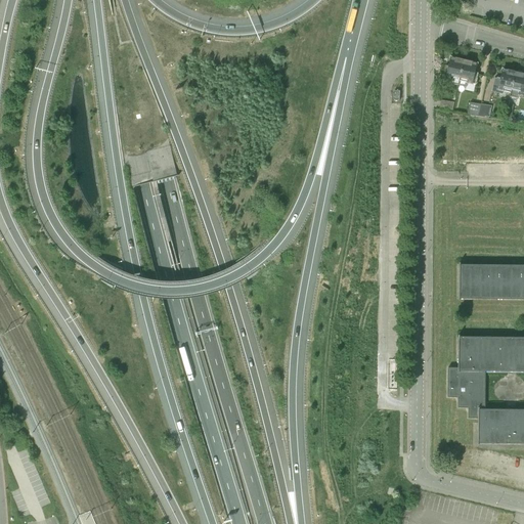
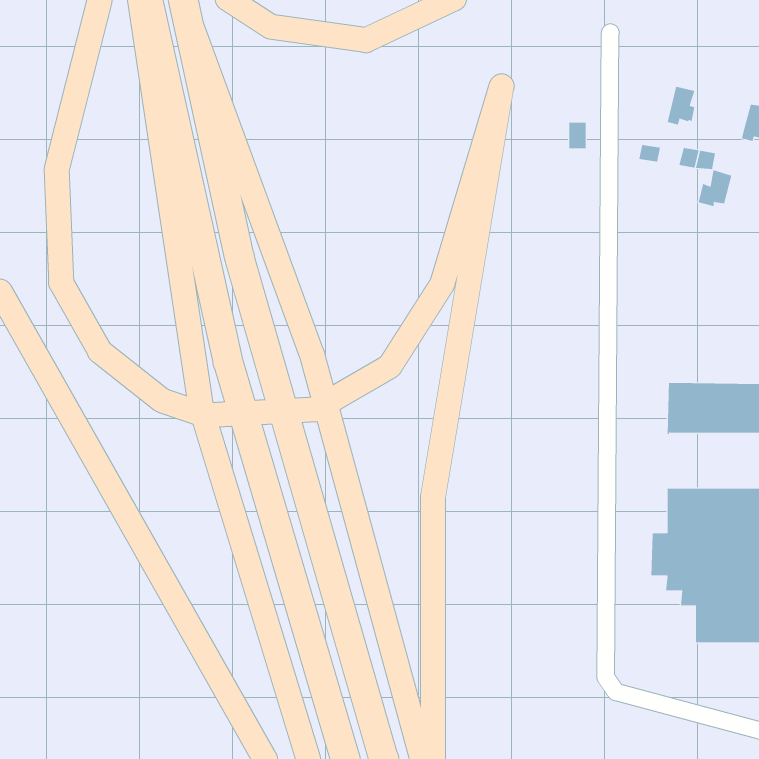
building: [445,56,466,84] -> none
building: [493,68,517,93] -> [698,170,732,207]

